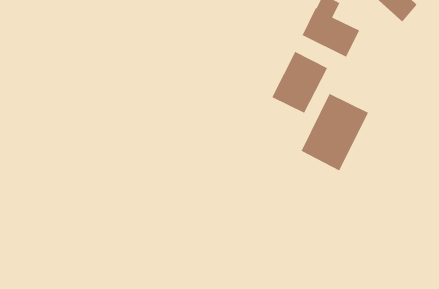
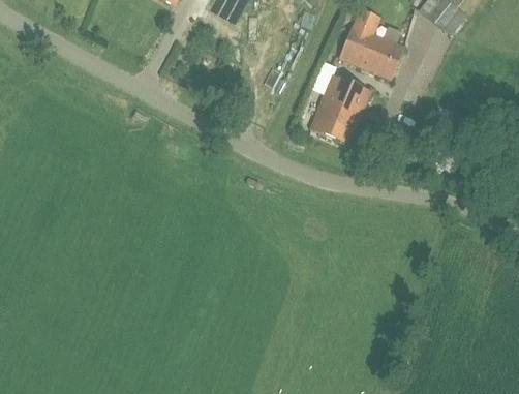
building: [300,93,369,172] -> none

